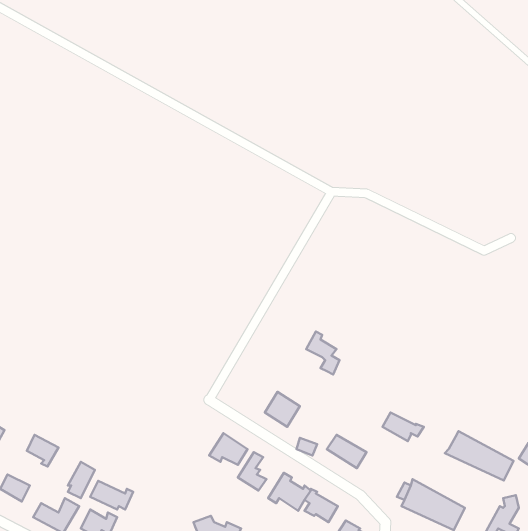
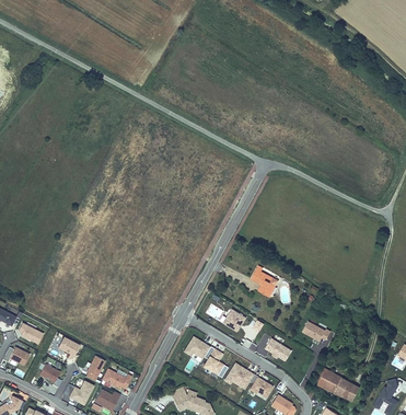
building: [445,431,514,481] -> none

